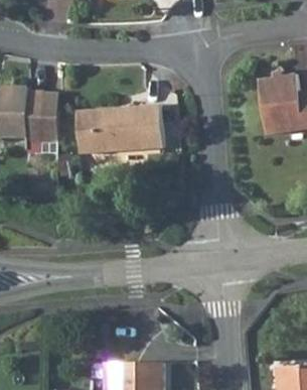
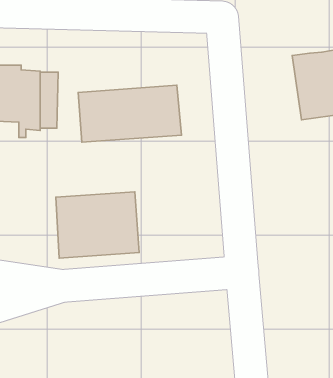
building: none -> [56,192,139,258]

